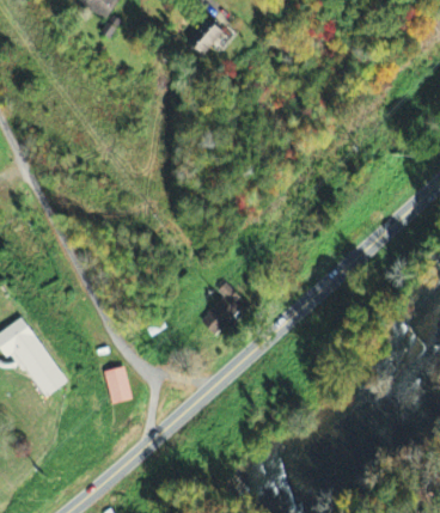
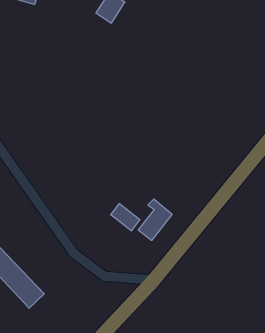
building: none -> [111,204,140,231]
building: [103,367,129,404] -> none

